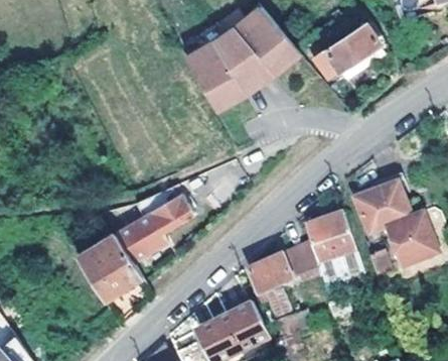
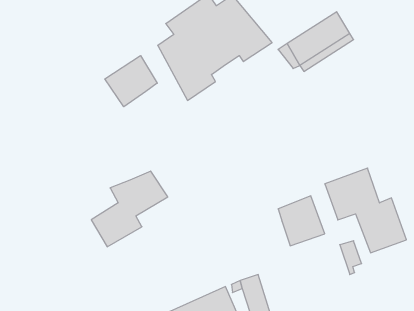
building: none -> [105,56,157,107]
building: [80,235,143,303] -> none
building: [250,237,319,290] -> none

